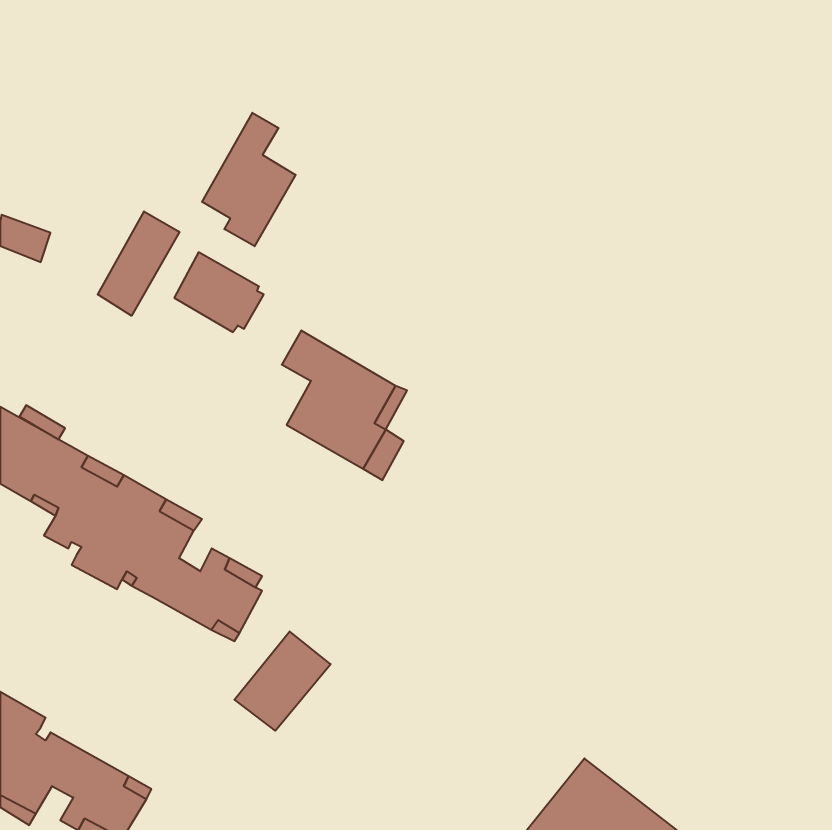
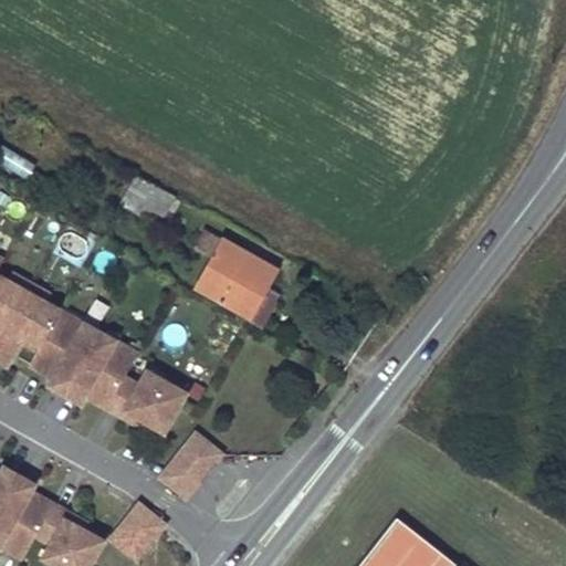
building: [202,113,296,246] -> none
building: [98,211,179,316] -> none
building: none -> [111,502,166,559]

